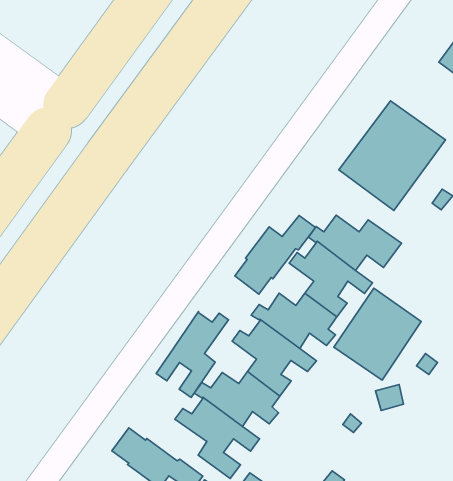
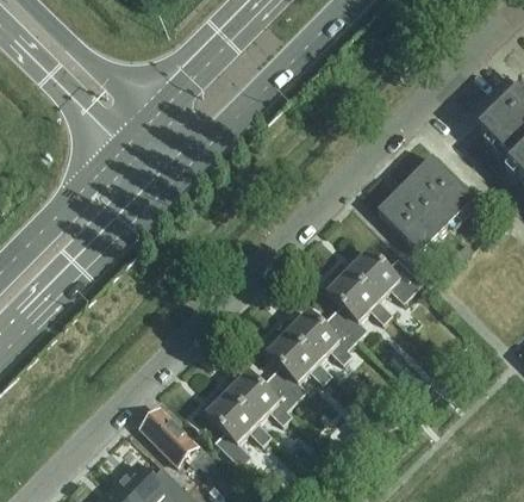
building: [235,215,315,294] -> none
building: [334,288,421,380] -> none
building: [156,312,228,397] -> none

